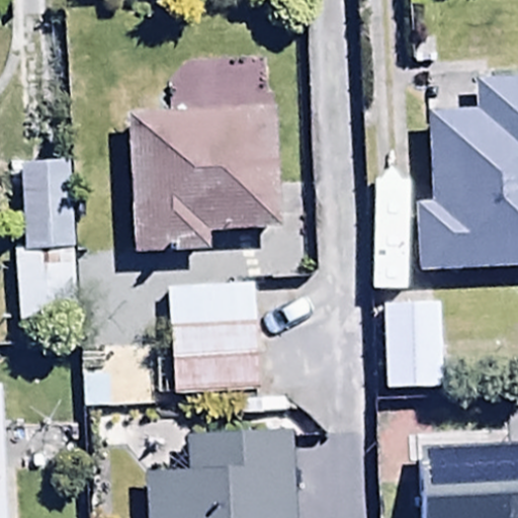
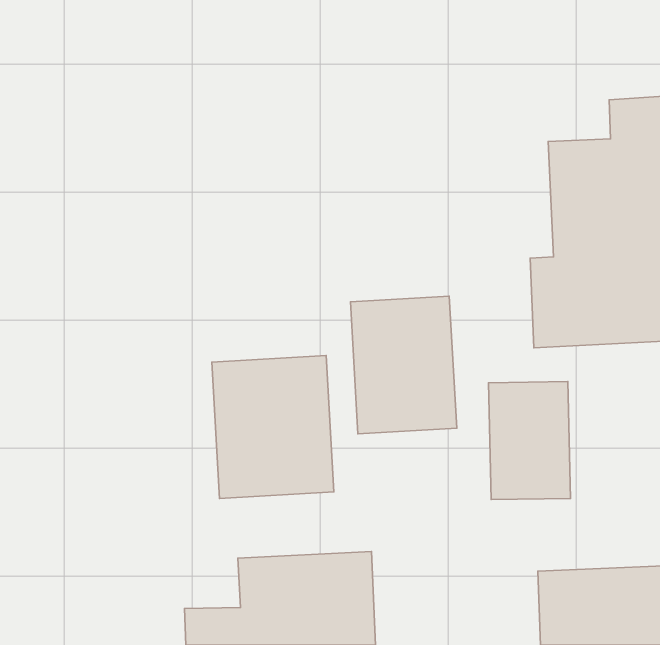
building: [131,105,305,250] -> none
building: [15,158,78,317] -> none
building: none -> [350,296,457,434]

